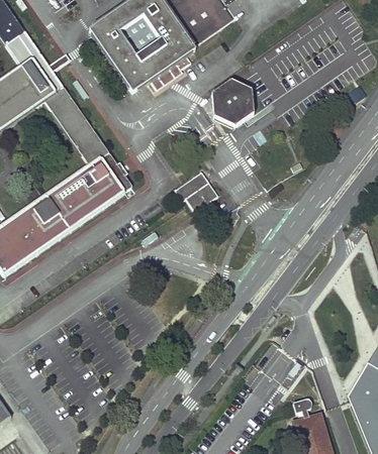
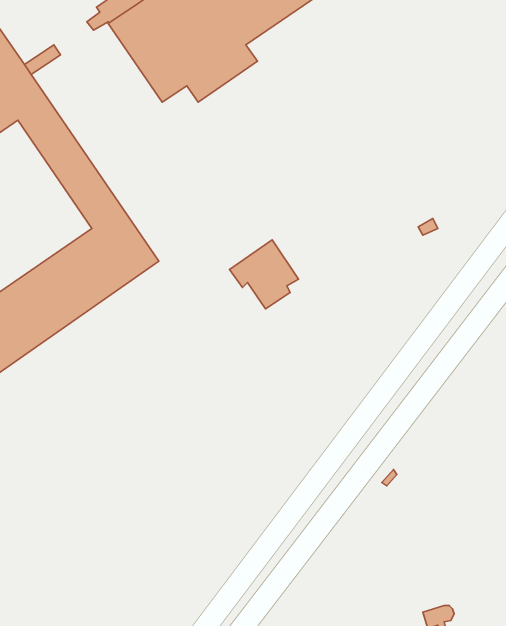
building: [211,80,254,126] -> none

